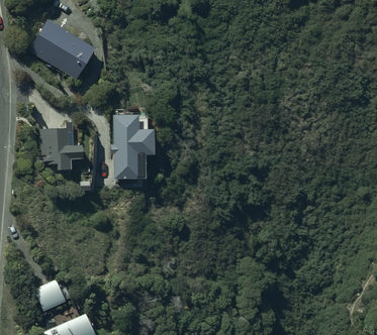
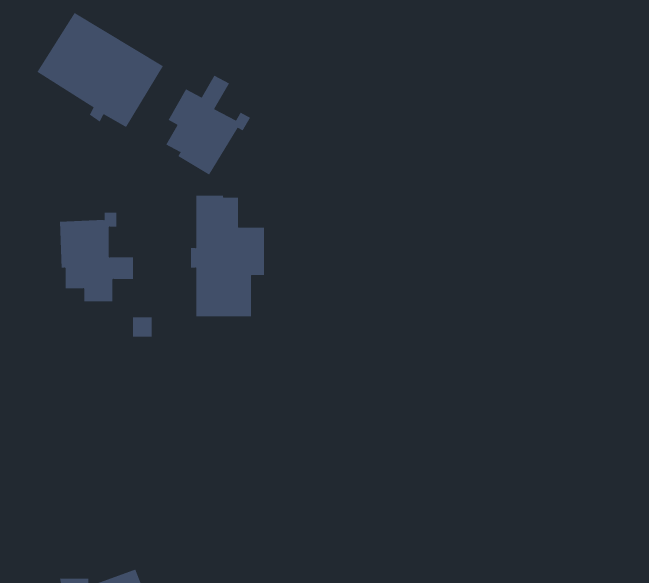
building: none -> [165,75,251,175]
building: [33,280,69,310] -> none

